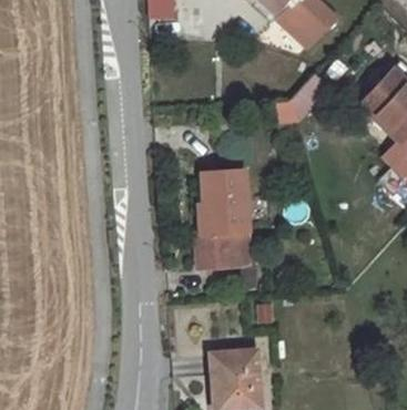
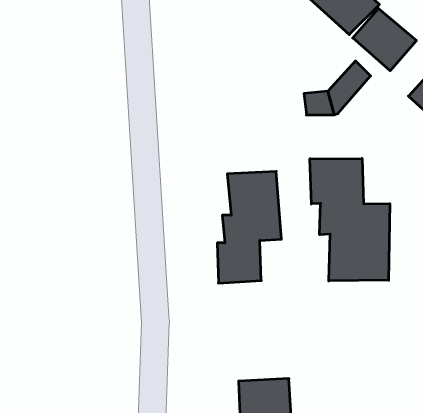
building: none -> [353,8,416,71]
building: none -> [310,158,390,281]

